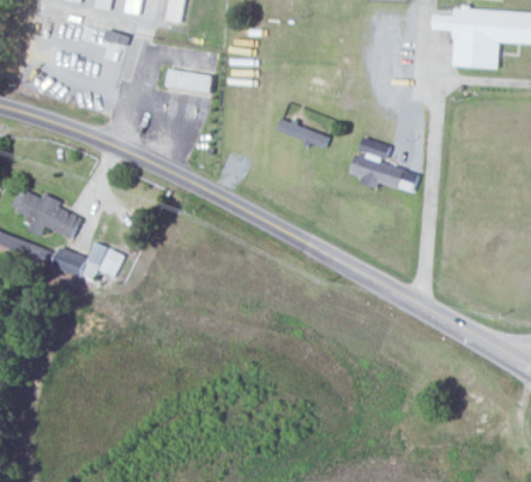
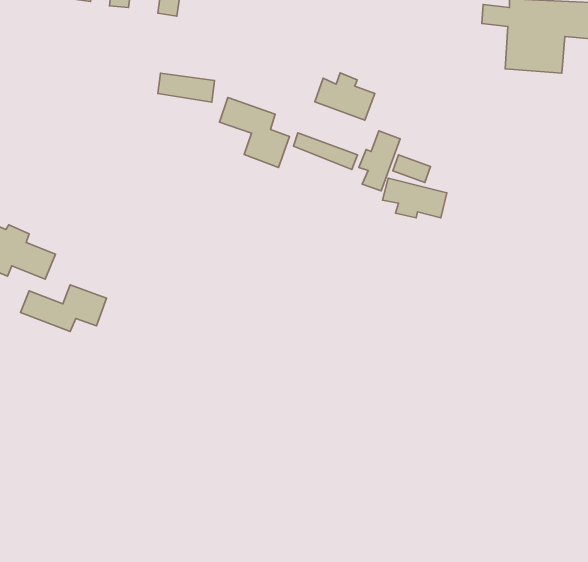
building: none -> [315,73,375,120]
building: none -> [219,98,290,167]
building: none -> [359,131,400,191]

